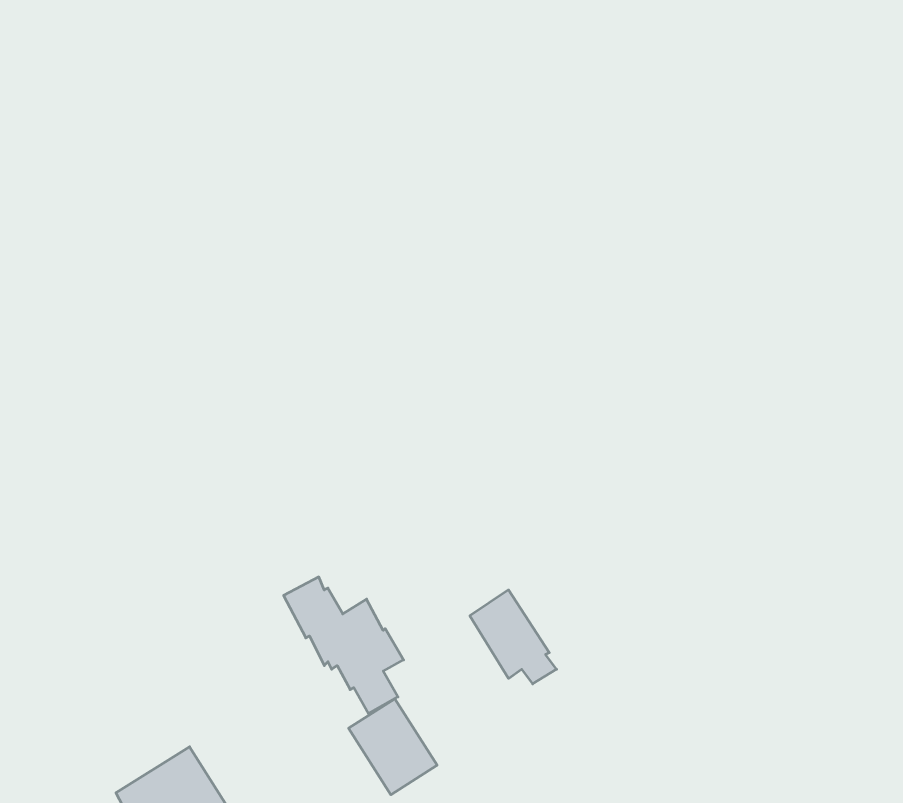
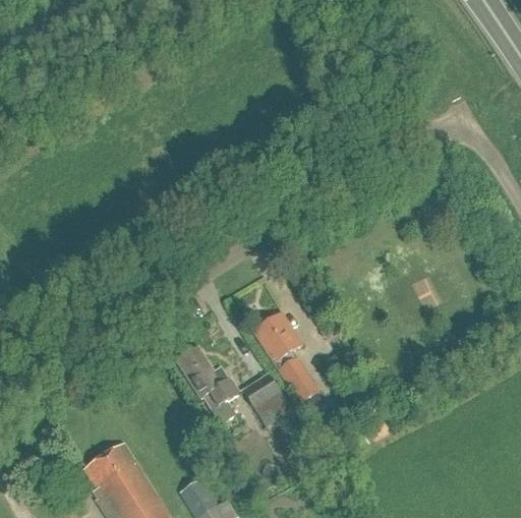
building: none -> [253,314,301,371]
building: [349,699,437,795] -> [242,372,291,425]

